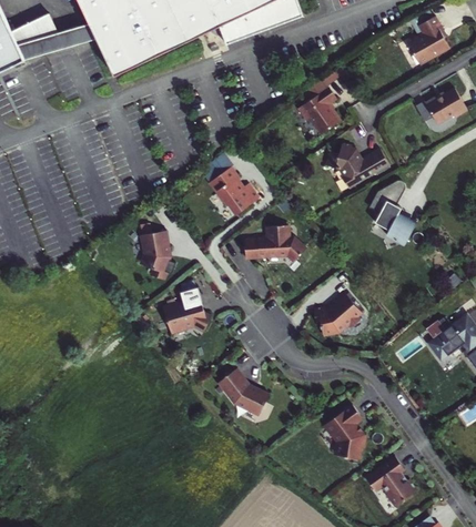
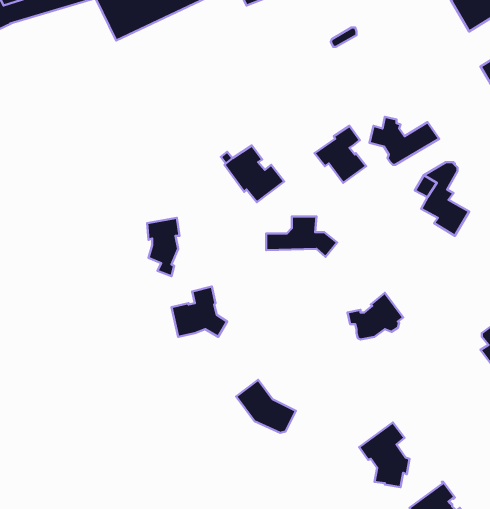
building: [296,84,341,133] -> [315,126,366,183]

